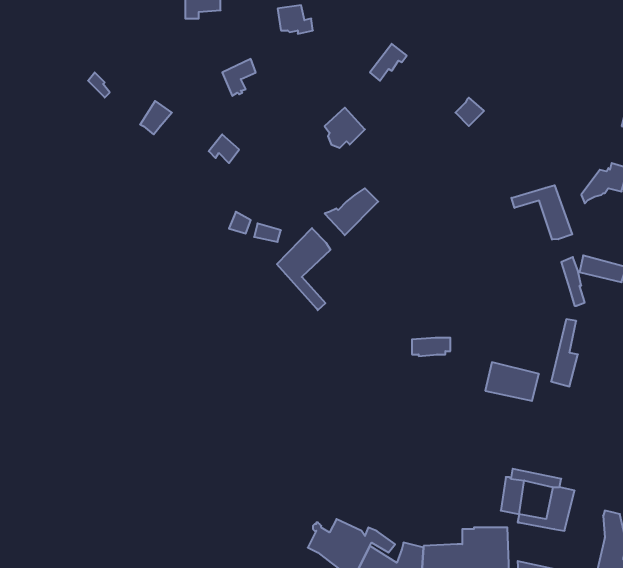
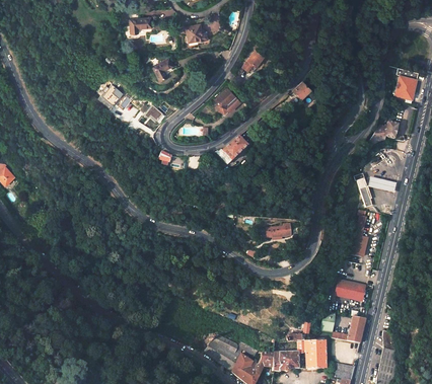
building: [511,185,572,240] -> none
building: [277,228,330,310] -> none
building: [485,362,539,401] -> [334,278,366,301]

